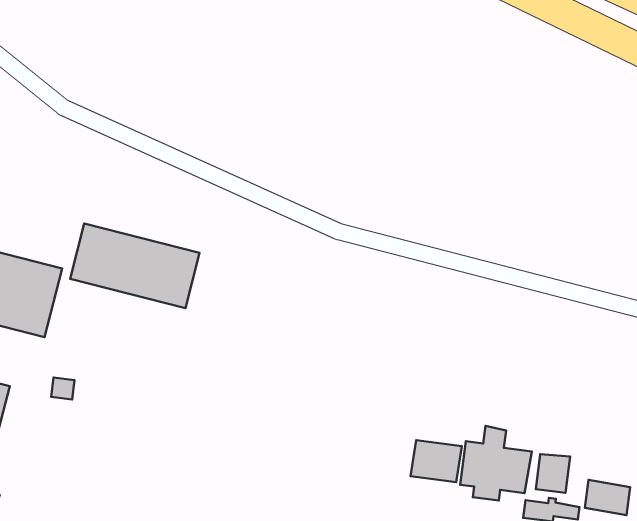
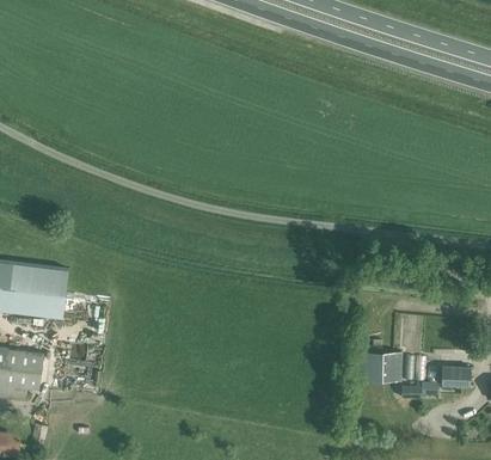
building: [70,224,199,308] -> none
building: [410,440,462,482] -> none

